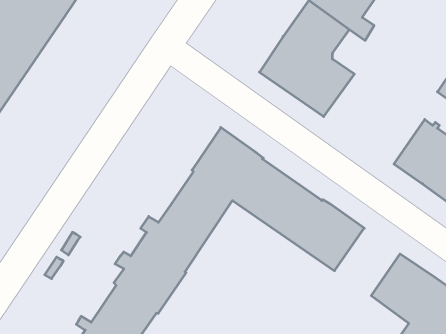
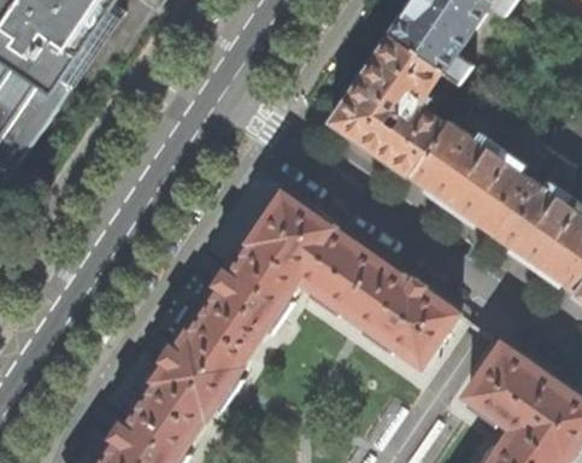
building: none -> [407,122,530,234]

